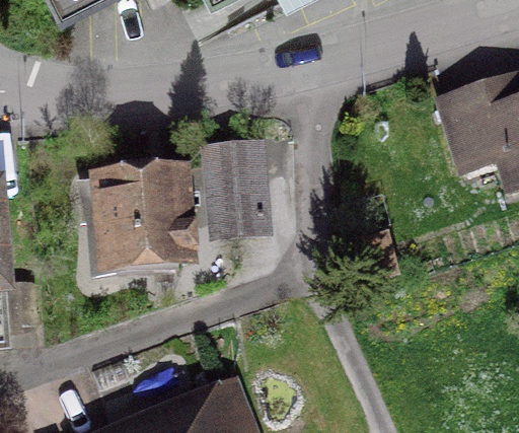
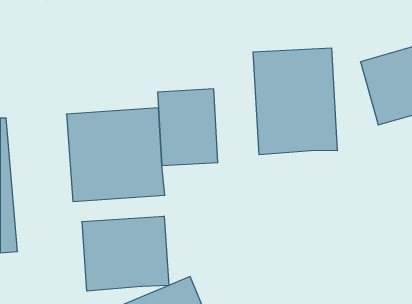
building: none -> [253,48,337,155]
building: none -> [82,216,169,291]

